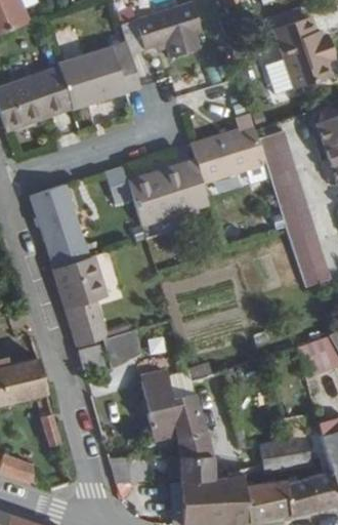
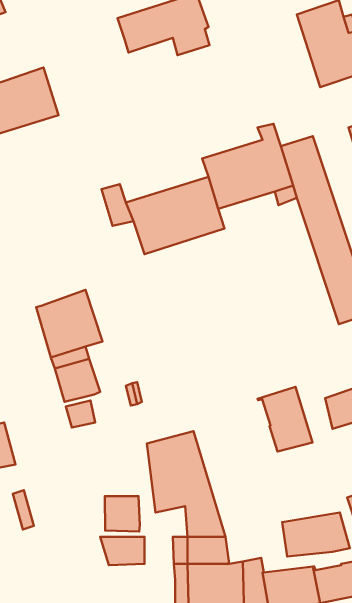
building: [59,45,141,109] -> none
building: [33,183,104,267] -> none
building: none -> [257,387,313,451]
building: none -> [105,496,140,532]

